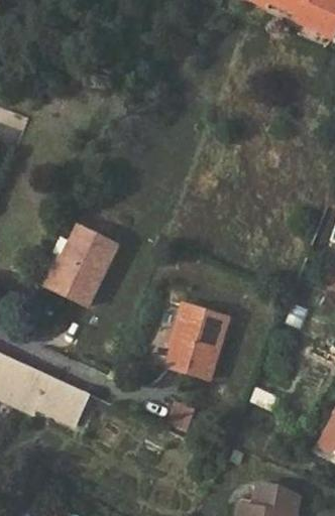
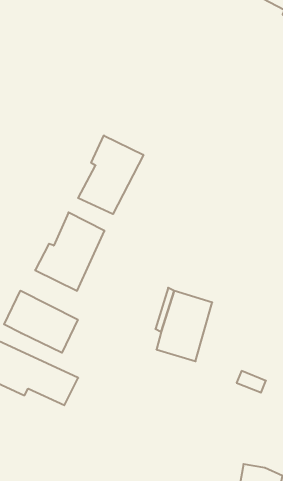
building: none -> [78,135,143,214]
building: none -> [4,291,78,353]

